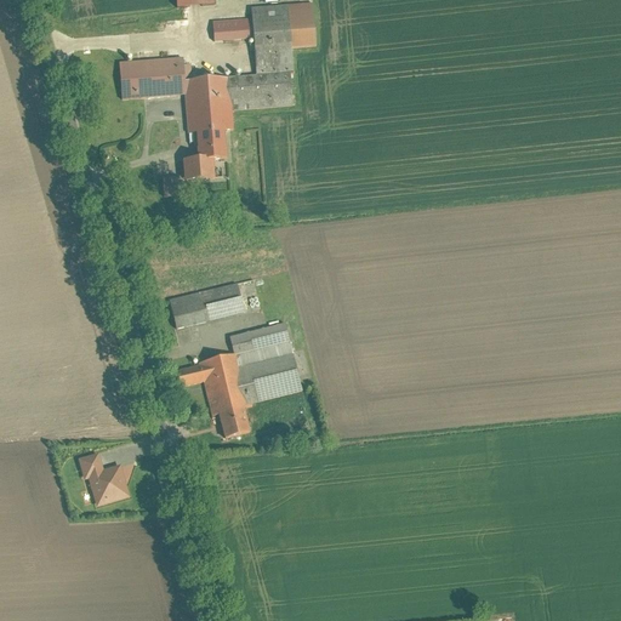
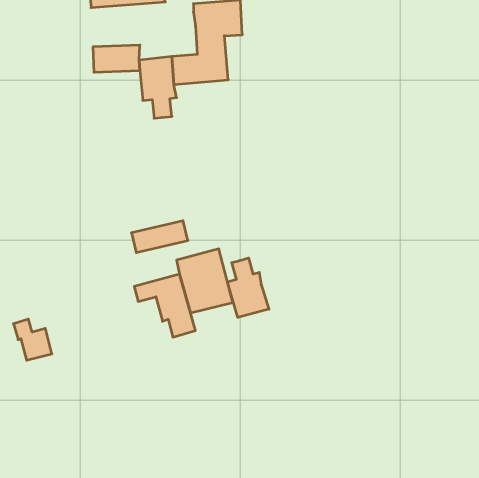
building: [203,16,253,39] -> none
building: [182,152,212,178] -> none
building: none -> [227,258,269,317]
building: [79,452,129,506] -> [13,319,52,360]

